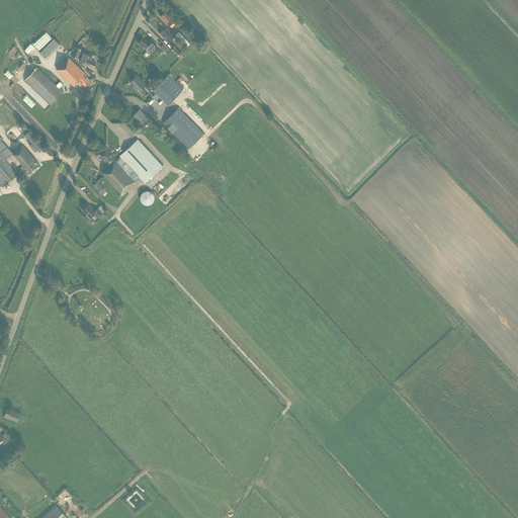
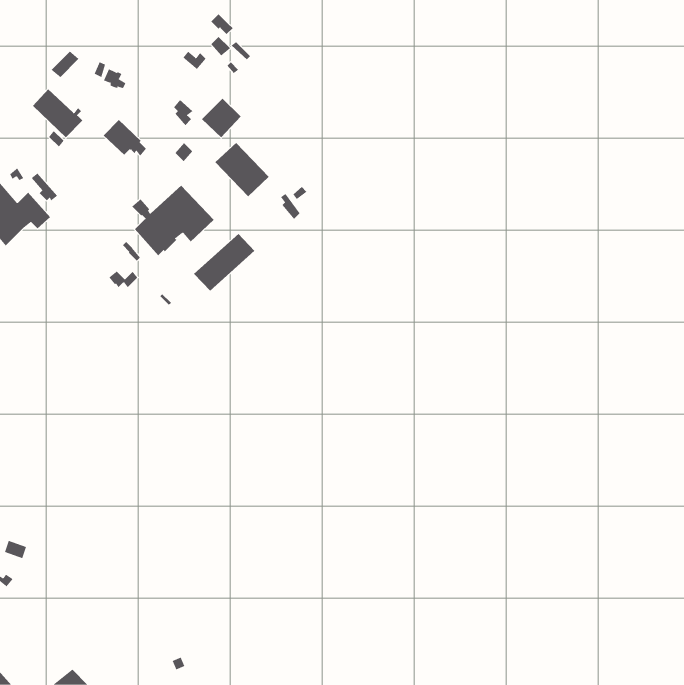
building: [56,58,89,86] -> [103,119,147,157]
building: none -> [193,233,255,292]

